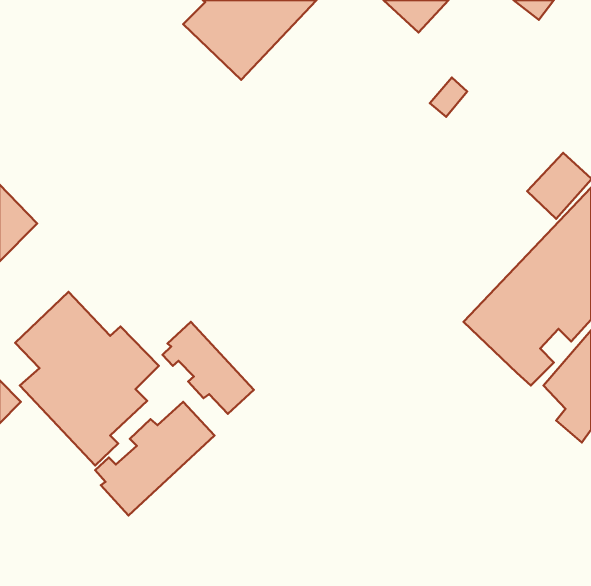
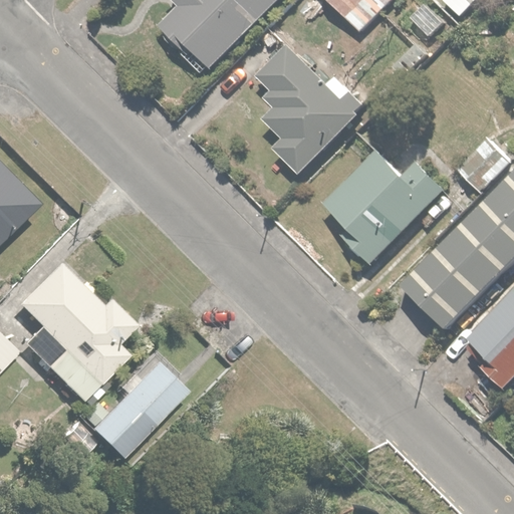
building: none -> [257,46,365,172]
building: none -> [324,149,446,265]
building: [162,322,254,414] -> none

